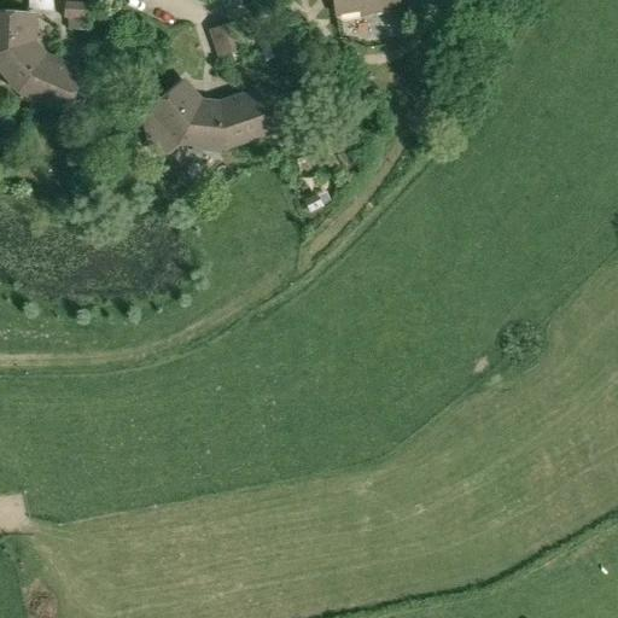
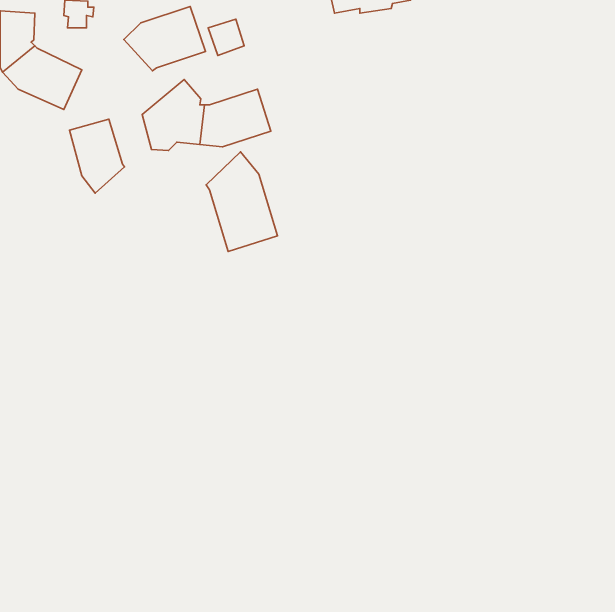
building: none -> [124,6,206,71]
building: none -> [69,119,124,193]
building: none -> [206,152,278,251]

